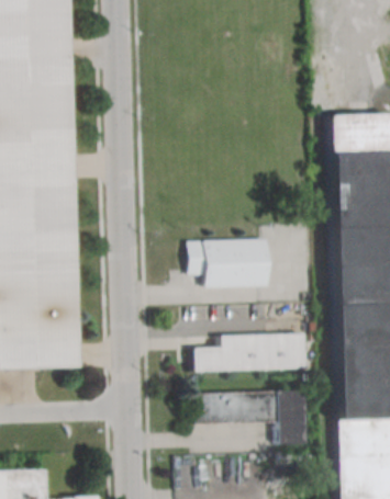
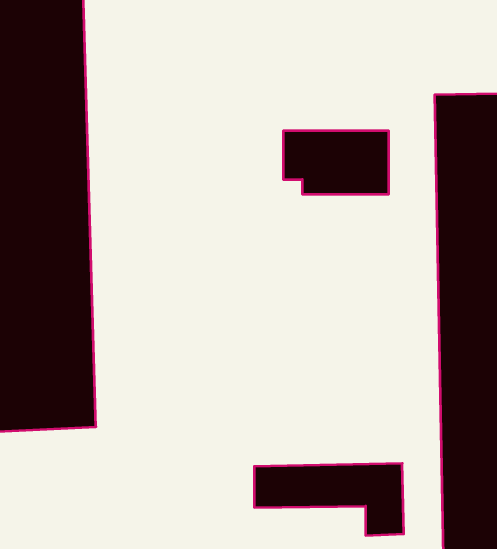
building: [196,240,275,287] -> [283,131,389,194]
building: [198,334,311,372] -> none

